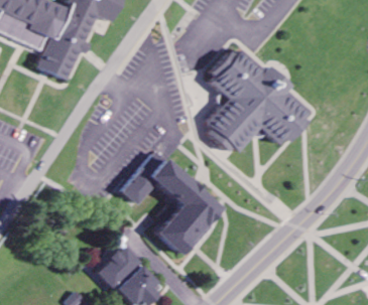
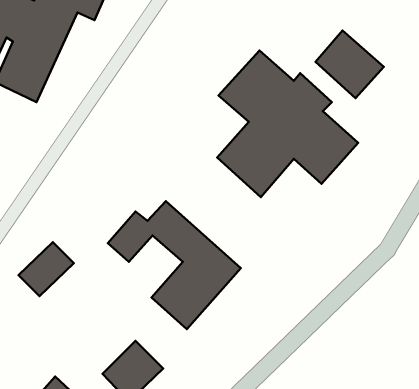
building: none -> [315,30,384,98]
building: [96,248,138,289] -> [18,242,74,296]

